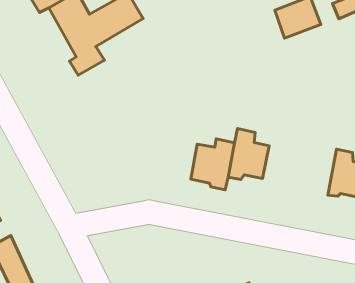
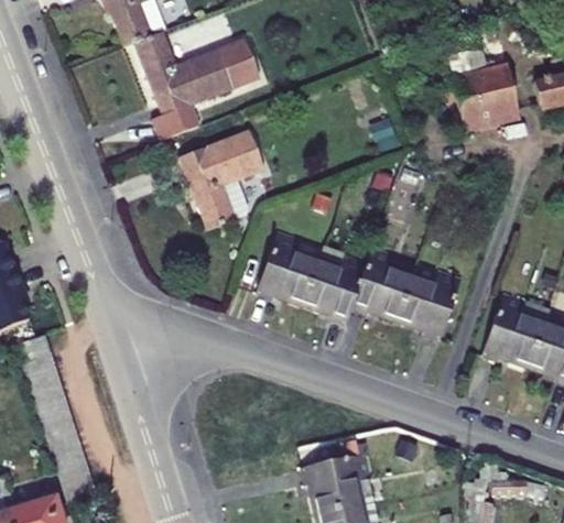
building: none -> [186,129,269,227]
building: none -> [256,229,316,302]
building: none -> [398,266,462,336]

